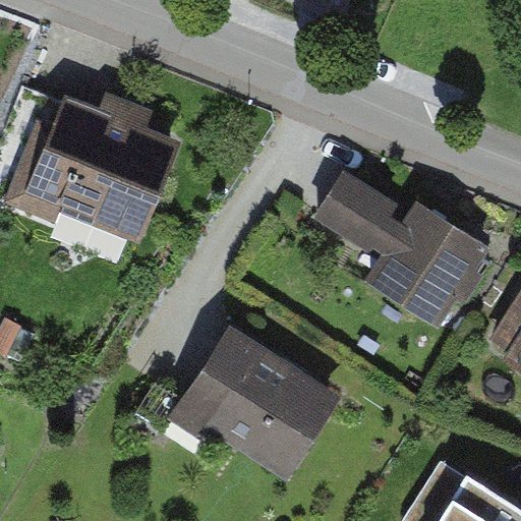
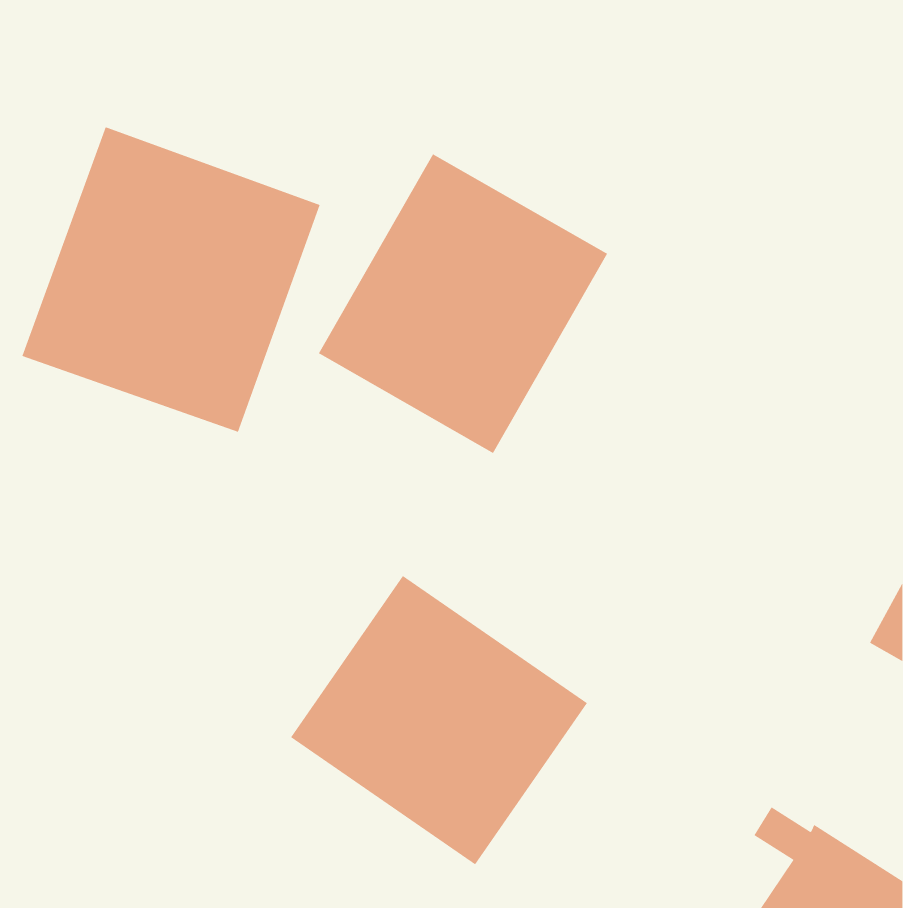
building: none -> [318,153,608,454]
building: [311,167,485,304] -> none

